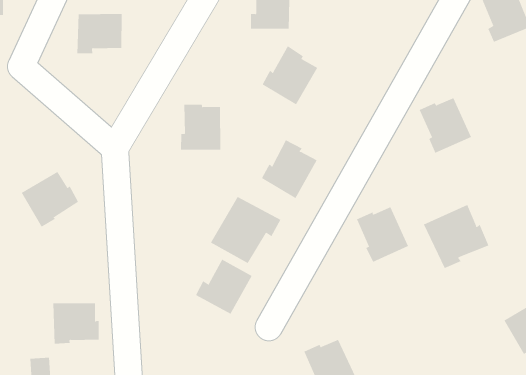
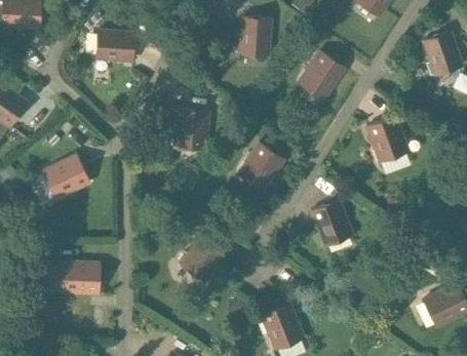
building: [262,46,318,105] -> [298,50,344,98]
building: [210,196,281,264] -> none
building: [423,204,489,269] -> none

